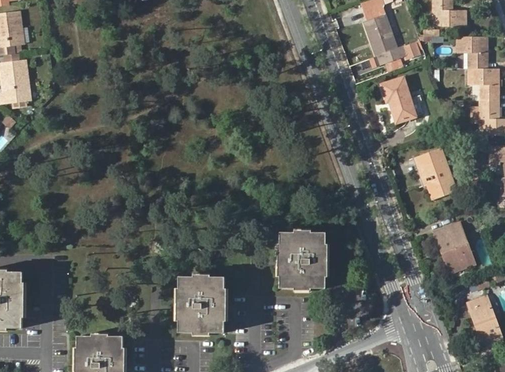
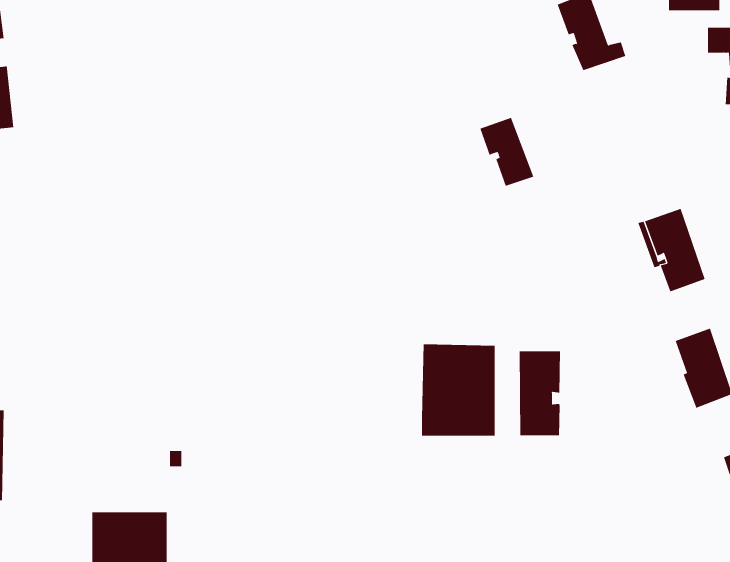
building: [383,78,417,121] -> [479,117,534,187]
building: none -> [519,351,560,436]
building: [178,277,225,333] -> none

